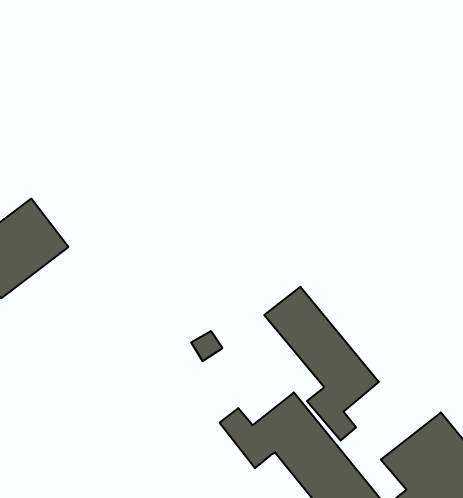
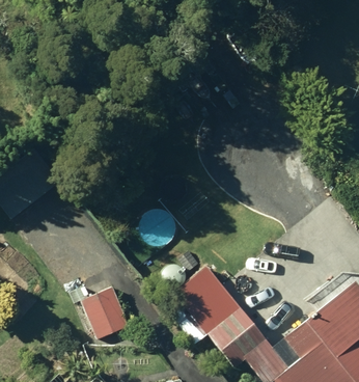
building: [264,287,379,441] -> none
building: none -> [79,286,128,338]

